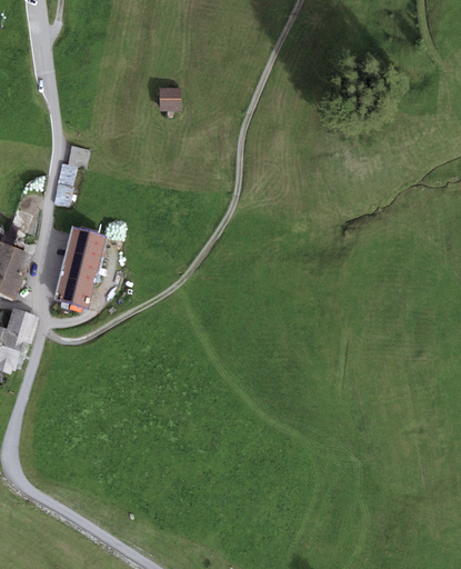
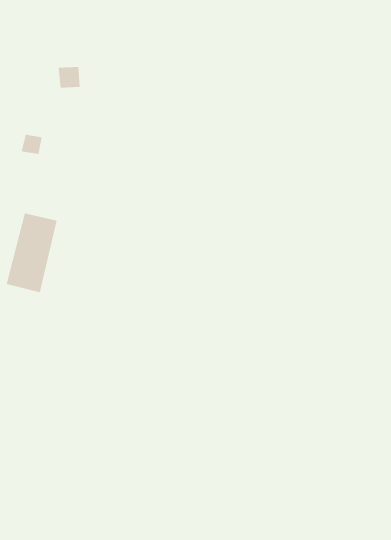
building: [157,89,180,111] -> [58,67,80,88]

